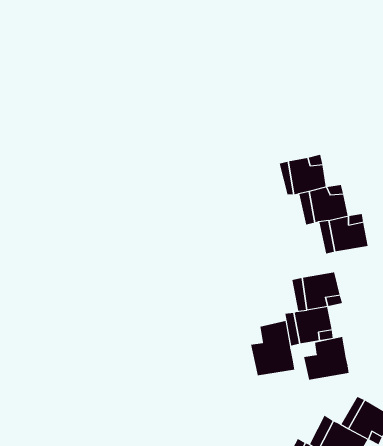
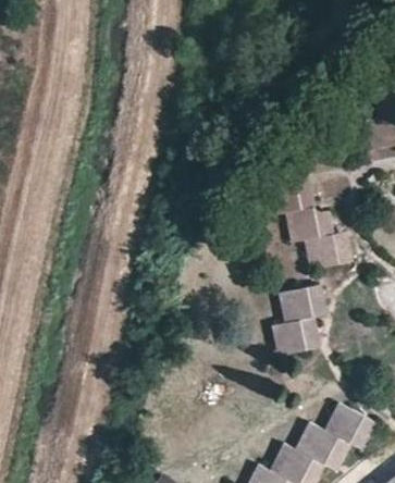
building: [251,320,295,376] -> none
building: [303,336,349,381] -> none

